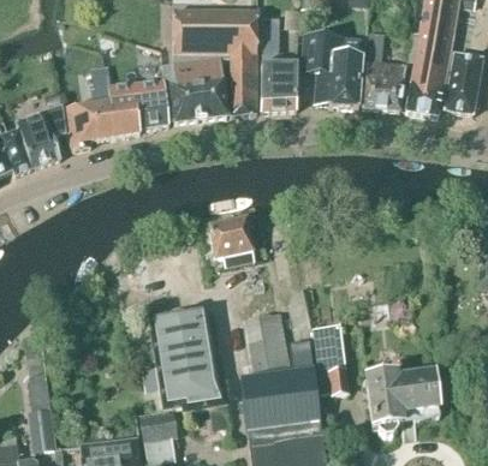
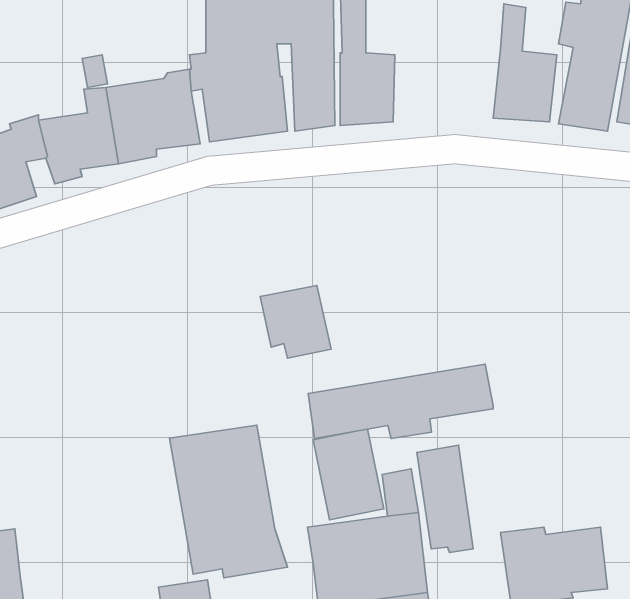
building: [300,34,362,107] -> none
building: none -> [308,364,493,439]

